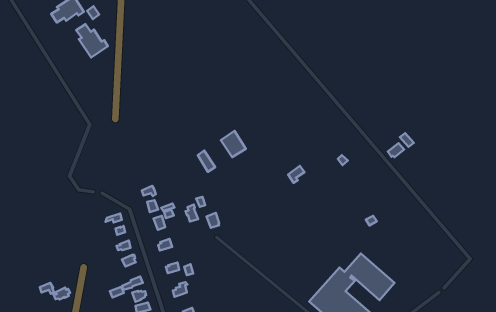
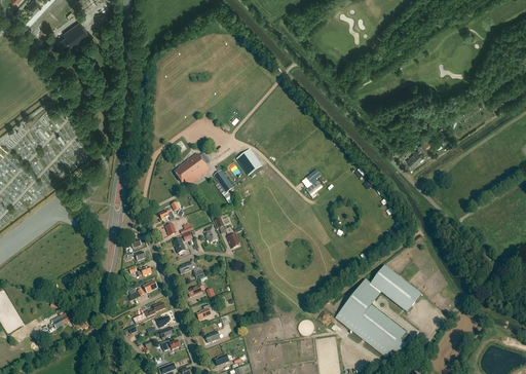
building: [76,24,108,58] -> none
building: none -> [174,153,209,185]

